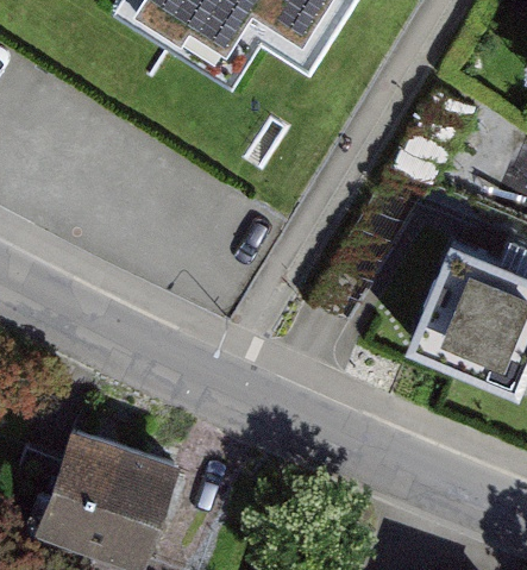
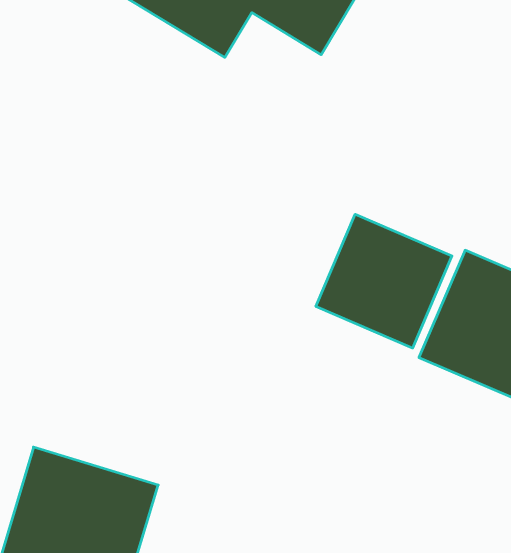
building: none -> [316,214,452,348]

